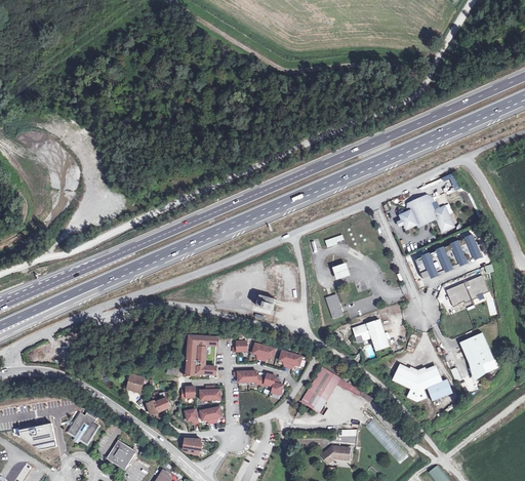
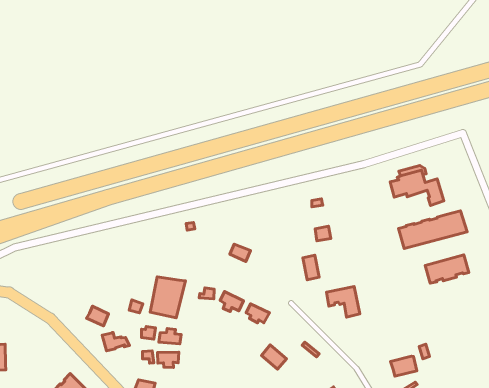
building: [459,332,497,376] -> none
building: [307,366,336,399] -> none
building: [395,366,444,399] -> none
building: [233,370,283,395] -> none
building: [67,413,99,445] -> none

